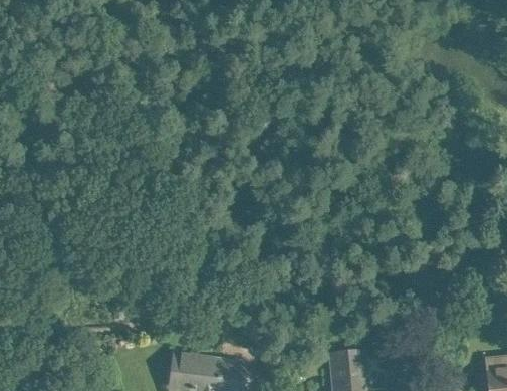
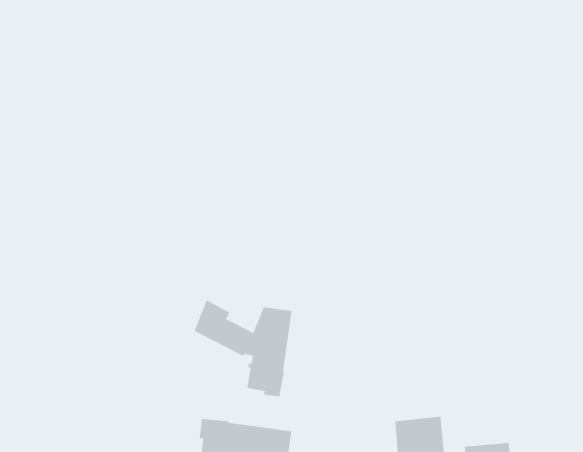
building: none -> [194,300,292,398]

